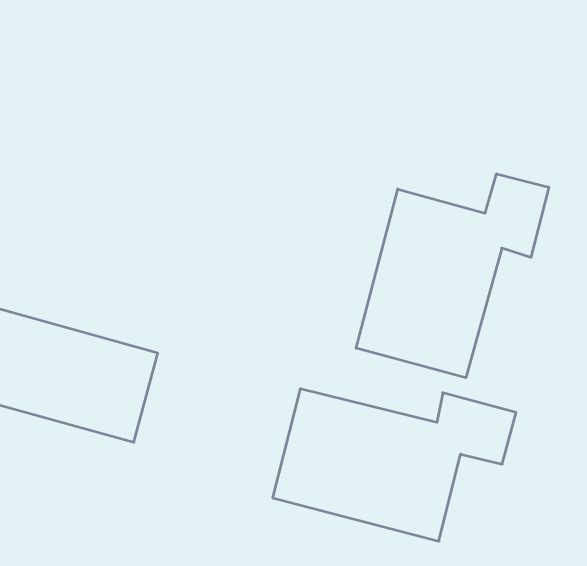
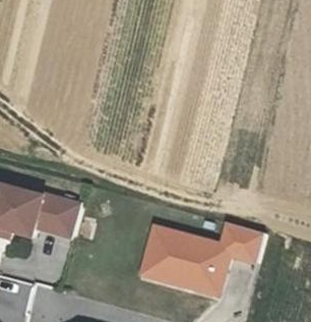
building: [356,174,549,378] -> none

